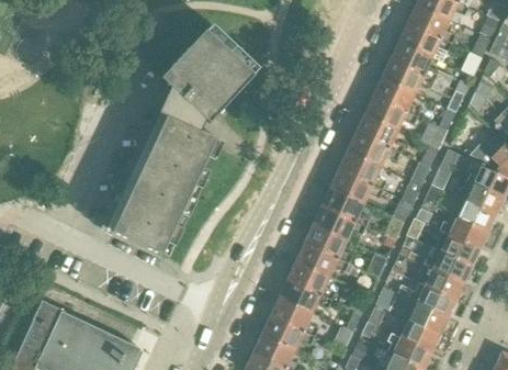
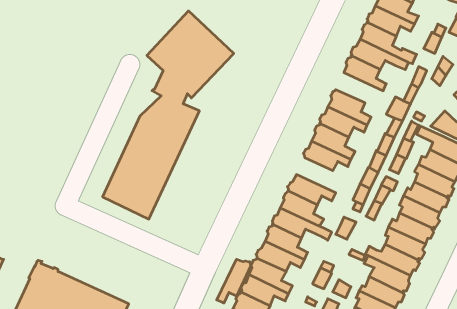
building: [365,96,417,128] -> none
building: [323,188,369,226] -> none
building: none -> [217,259,251,303]

